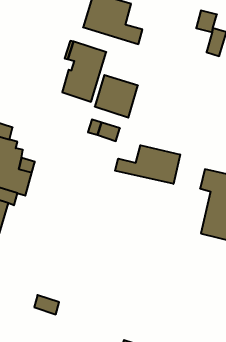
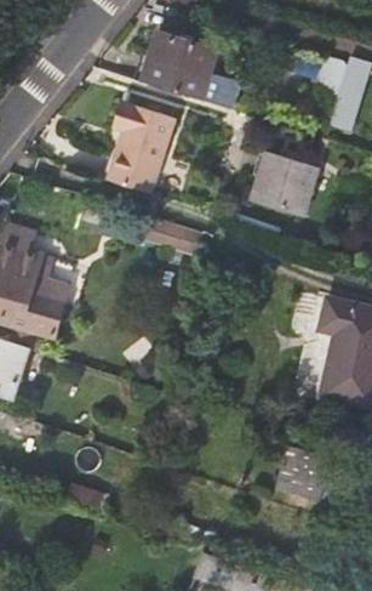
building: [95,75,138,118] -> [252,152,317,216]
building: [115,145,180,184] -> none
building: none -> [286,454,328,498]

